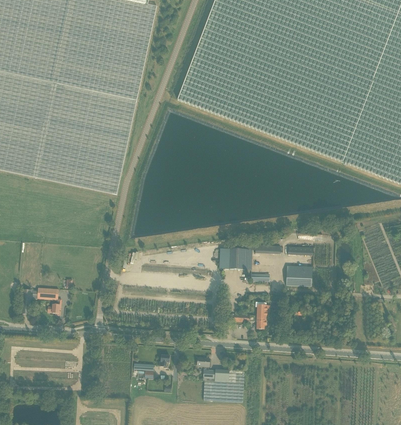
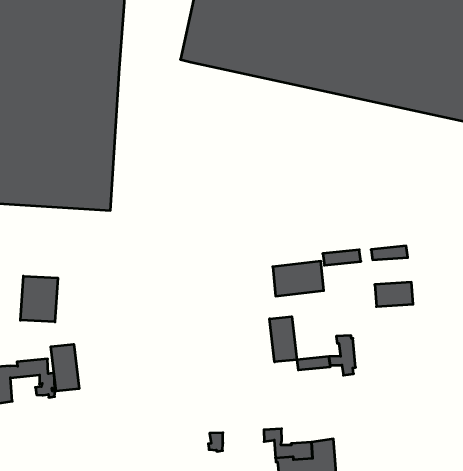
building: none -> [20,276,58,322]
building: none -> [51,344,79,391]
building: none -> [270,317,297,362]

